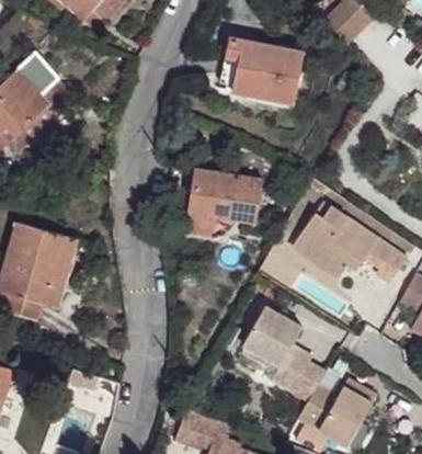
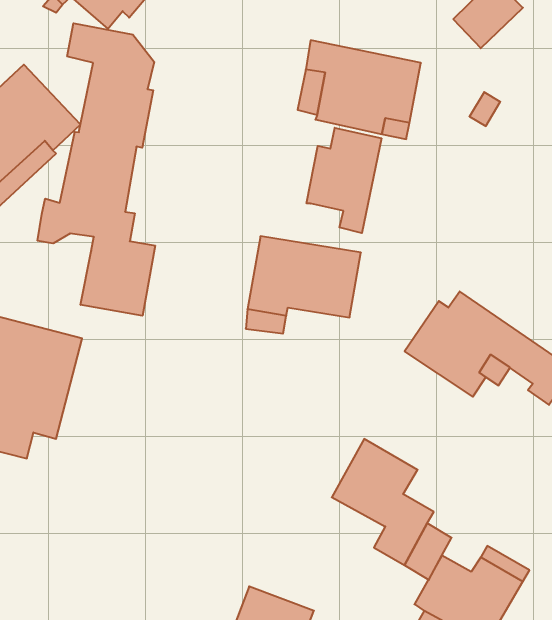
building: none -> [38,23,155,316]
building: none -> [307,128,381,233]

